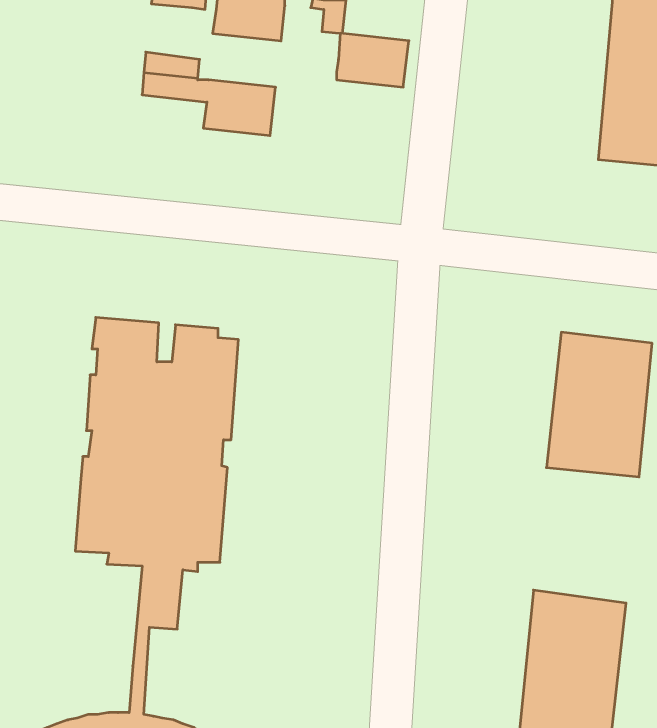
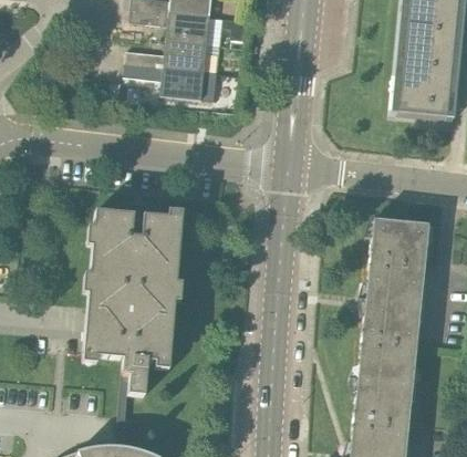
building: [337,33,409,87] -> [165,40,208,72]
building: none -> [359,299,422,380]

